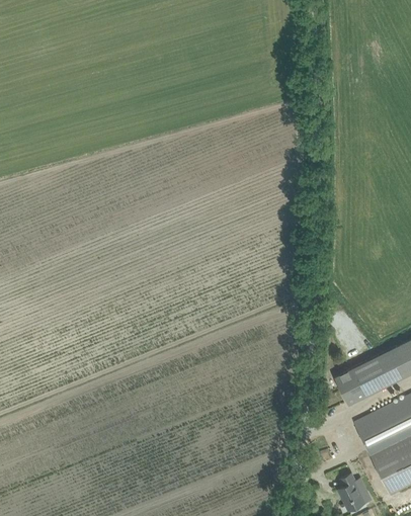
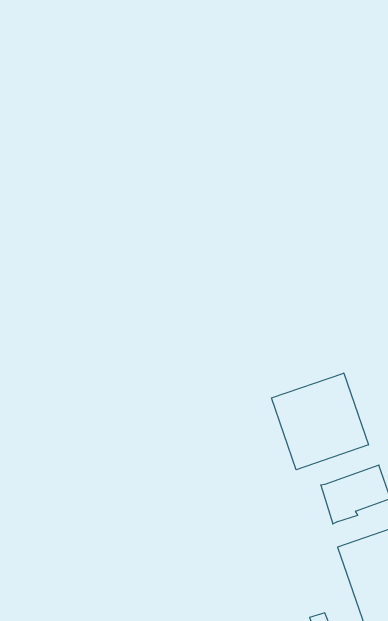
building: none -> [272,373,368,470]

